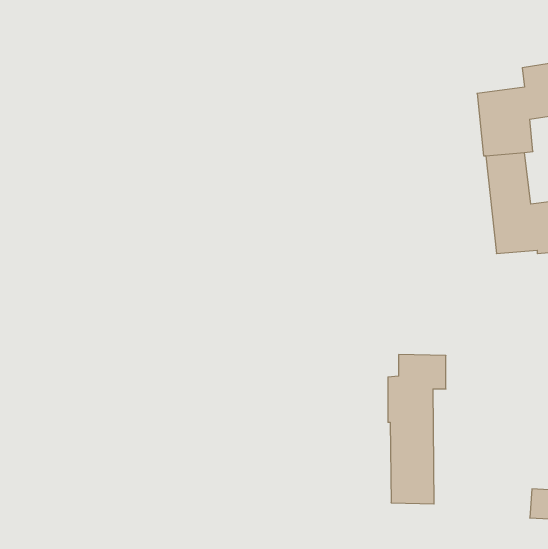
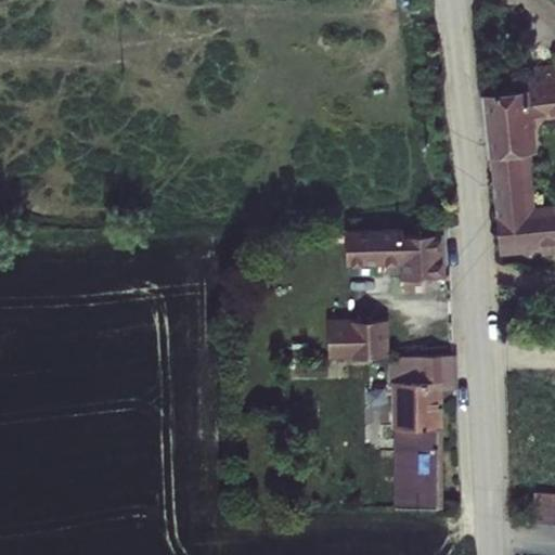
building: none -> [347,232,440,295]
building: none -> [327,318,389,361]

